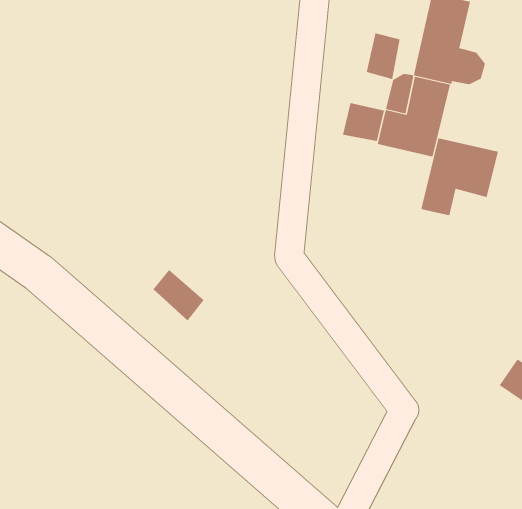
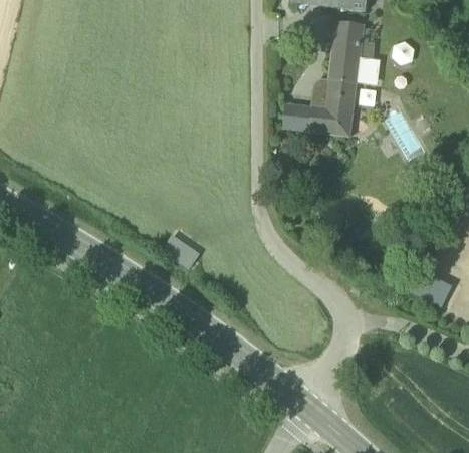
building: [366,33,400,80] -> none
building: [421,137,498,216] -> none

